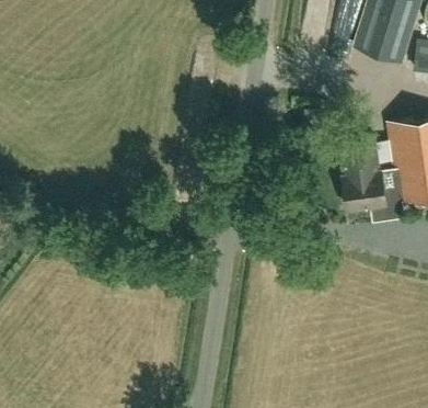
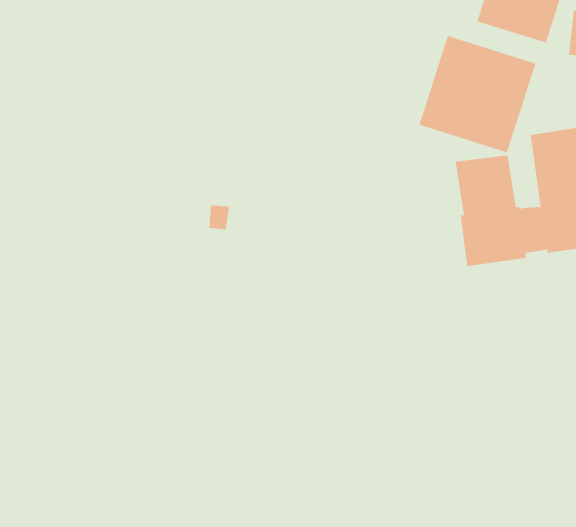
building: none -> [419,35,536,153]

